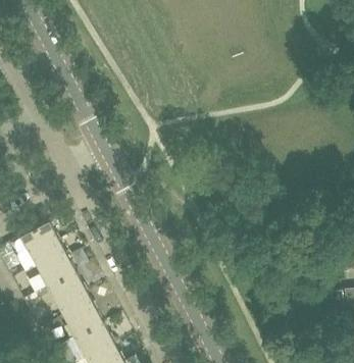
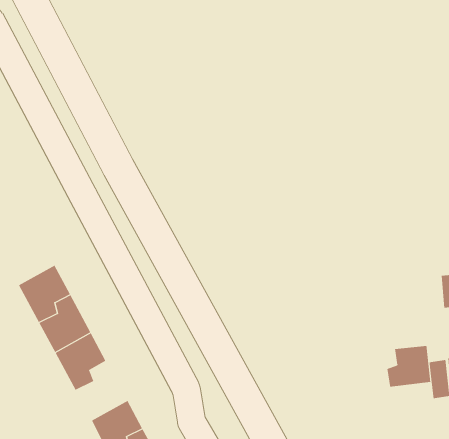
building: none -> [387,345,431,387]
building: [62,292,102,336] -> none

